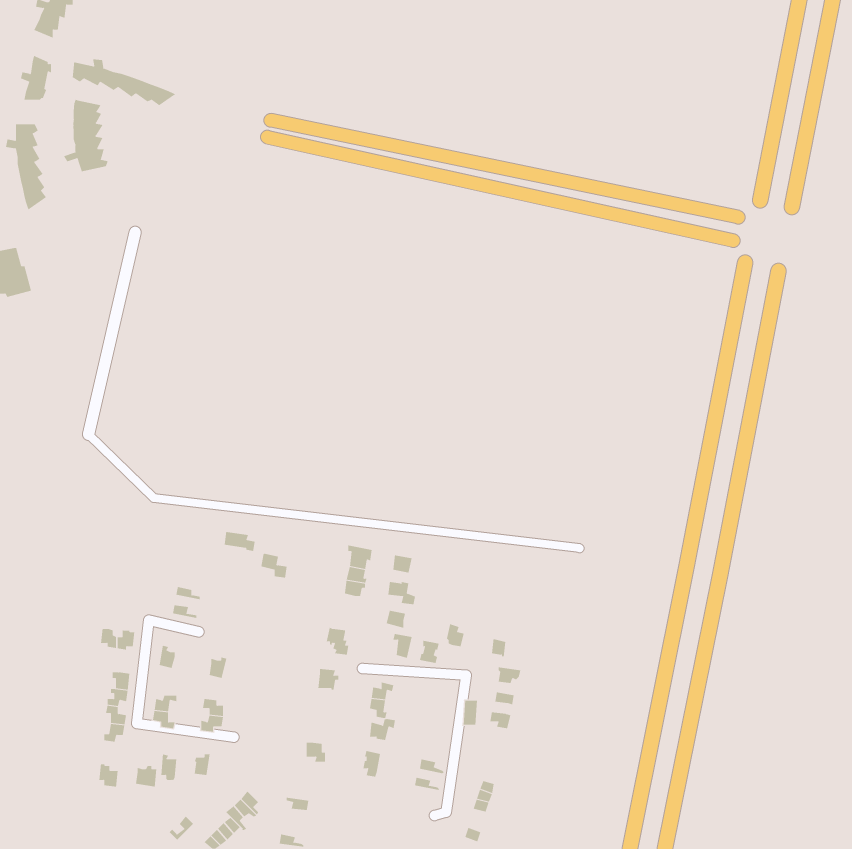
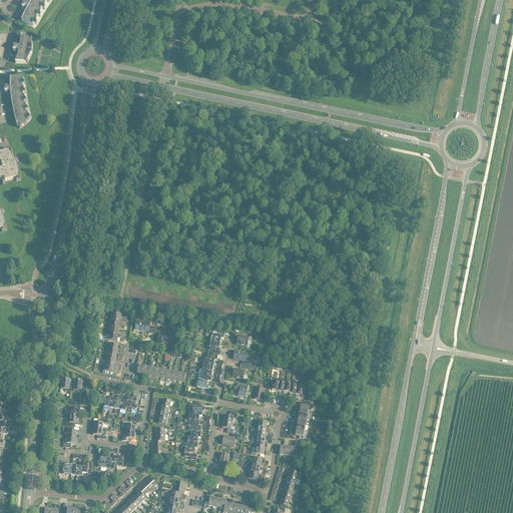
building: [72,59,177,106] -> none
building: [63,99,108,172] -> none

